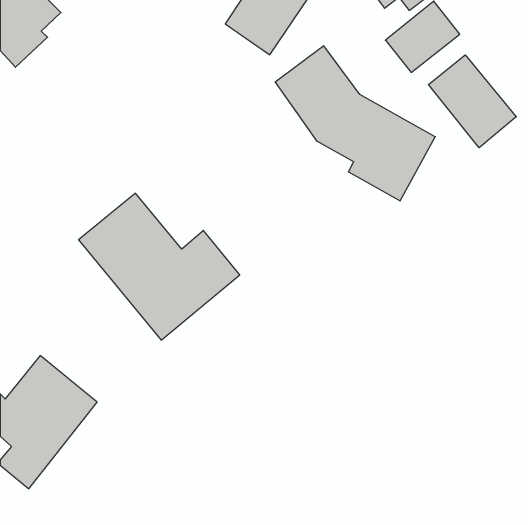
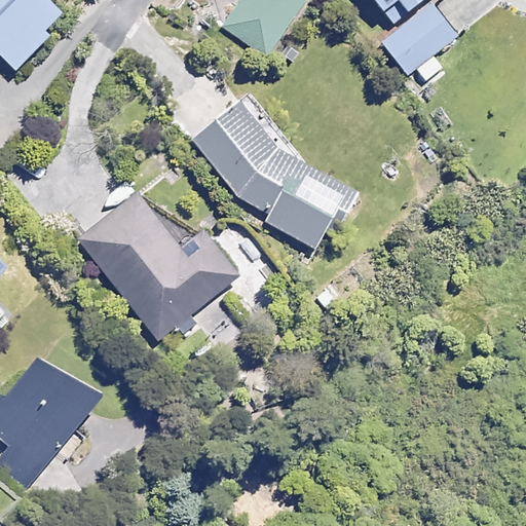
building: [275,46,435,201] -> [193,101,352,255]
building: [428,55,516,148] -> none

